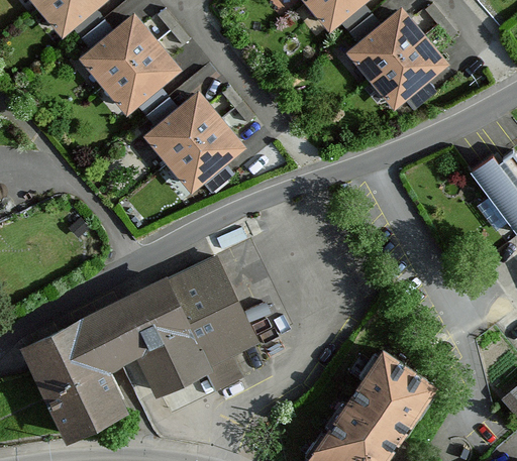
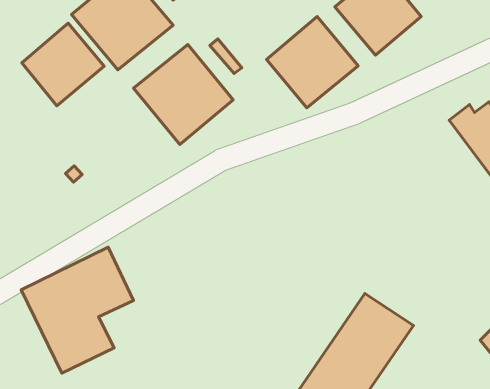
building: none -> [267,16,358,108]
building: none -> [22,23,104,106]
building: [115,256,254,390] -> none

